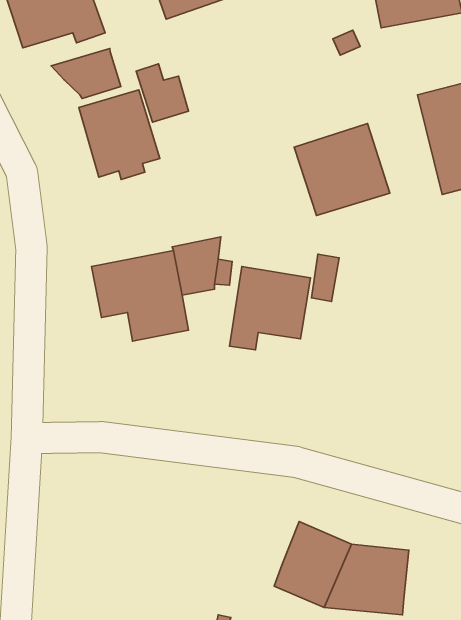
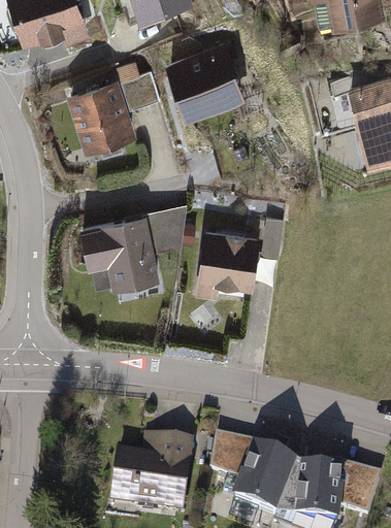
building: [51,49,121,98] -> none
building: [294,124,390,216] -> [168,45,248,122]
building: none -> [207,431,251,477]
building: none -> [107,432,190,512]
building: none -> [337,464,379,513]

